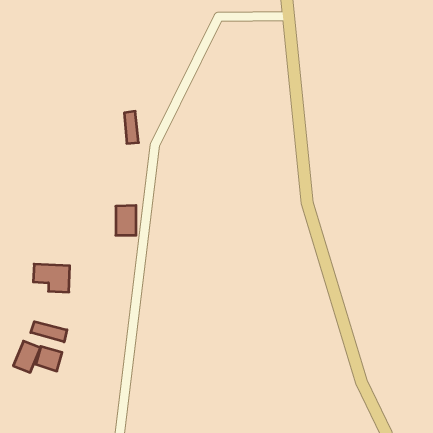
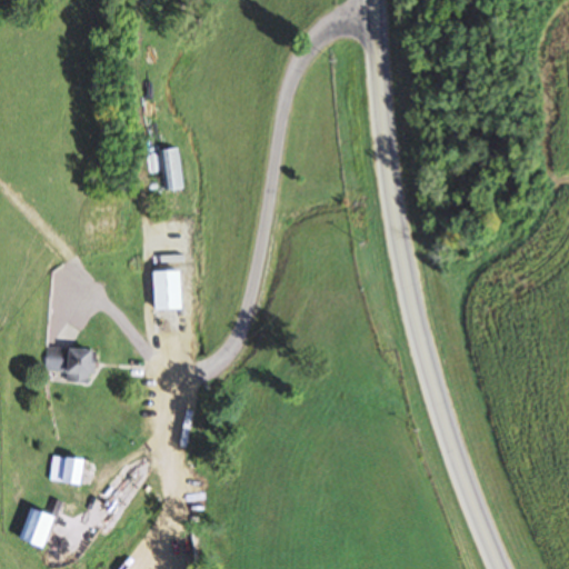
building: [31,322,67,342] -> none
building: [13,341,40,372] -> [18,508,53,549]

